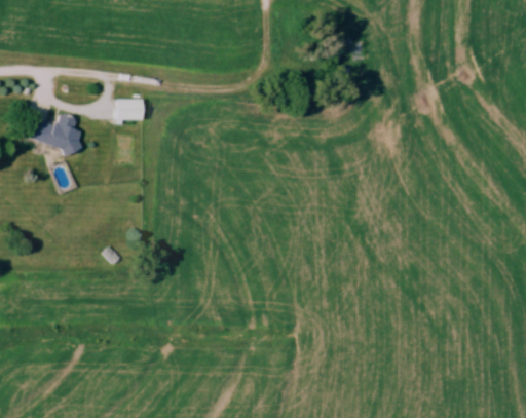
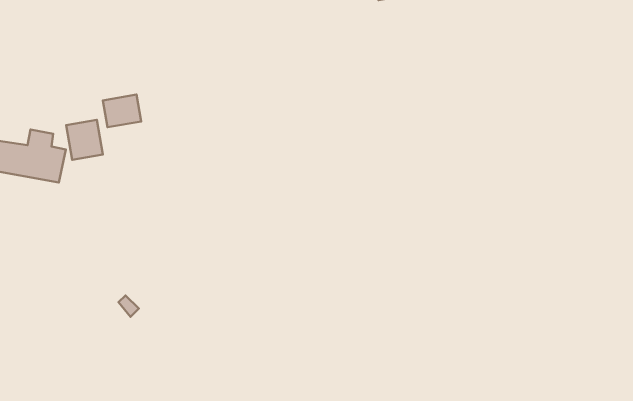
building: none -> [66,120,103,160]

